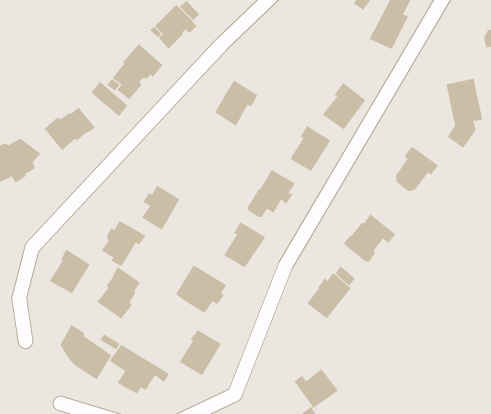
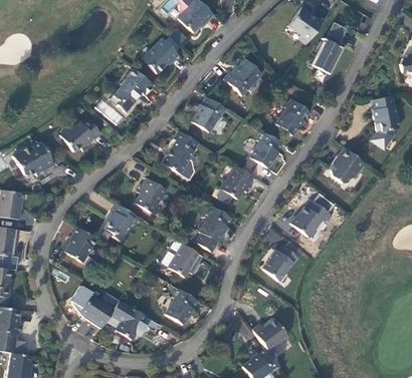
building: none -> [225,60,262,95]
building: none -> [162,130,199,179]
building: [97,266,141,320] -> none

